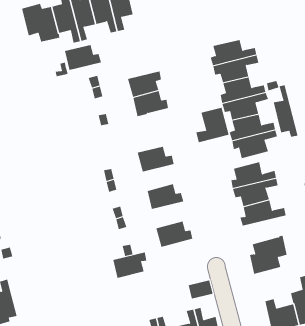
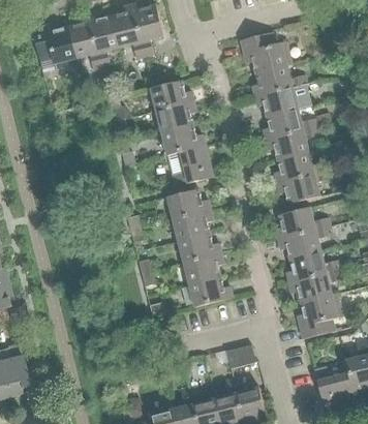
building: none -> [240,32,290,72]
building: [64,45,102,70] -> [150,81,193,111]
building: [273,84,298,137] -> none
building: [196,107,229,143] -> [173,145,212,186]
building: none -> [173,210,213,241]
building: none -> [288,270,342,303]
building: [112,252,147,279] -> [183,253,223,284]

